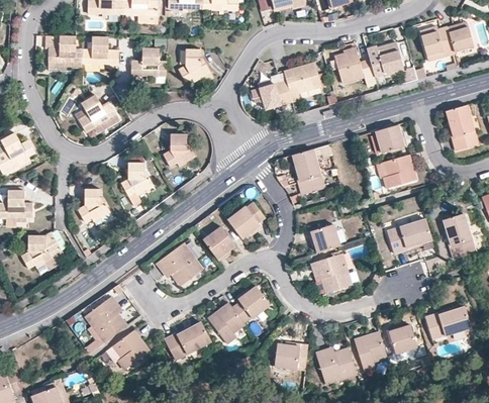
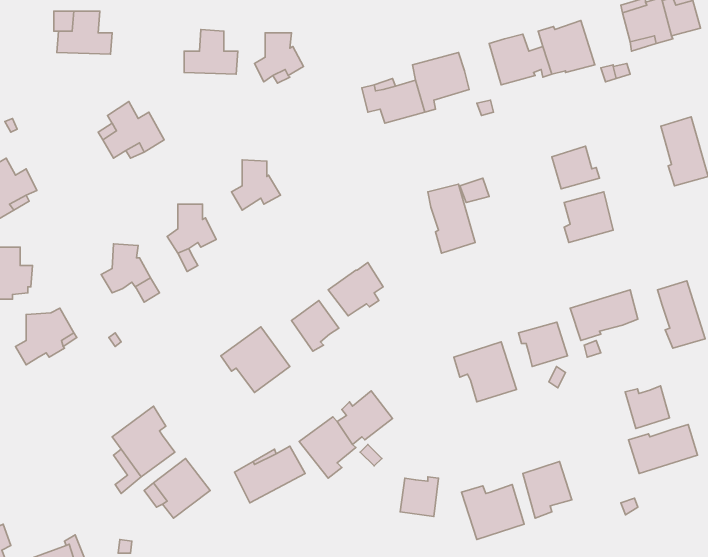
building: [84,36,119,65] -> none
building: [307,224,339,254] -> [518,322,567,366]
building: [388,325,417,354] -> [625,386,670,429]

